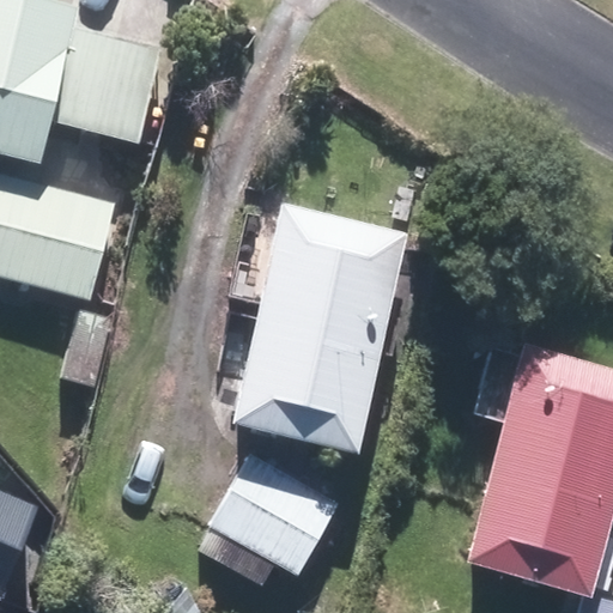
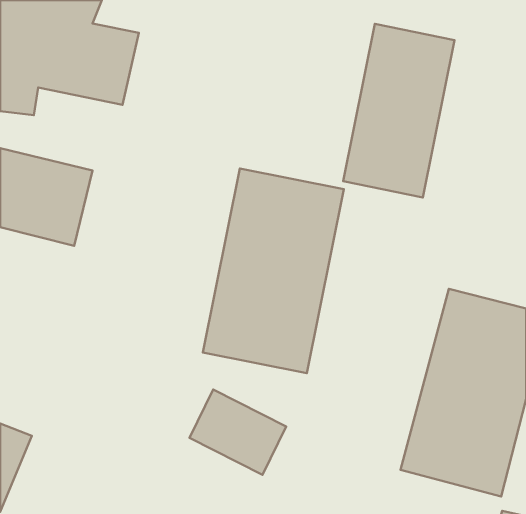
building: none -> [343,24,455,198]

